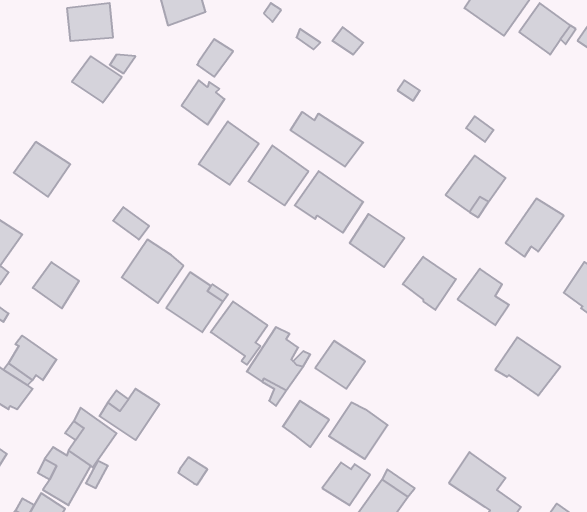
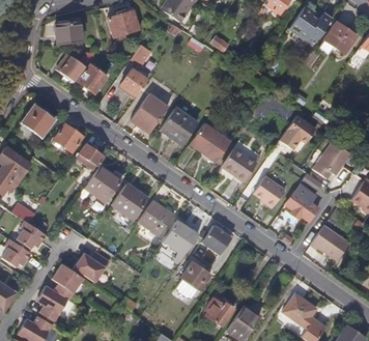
building: none -> [79,64,107,92]
building: [291,112,363,167] -> none
building: [33,262,79,308] -> [54,125,82,153]
building: [329,402,388,459] -> none

